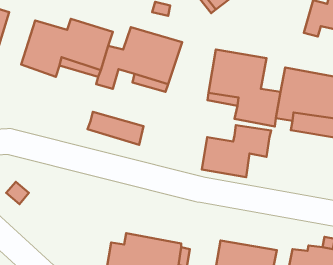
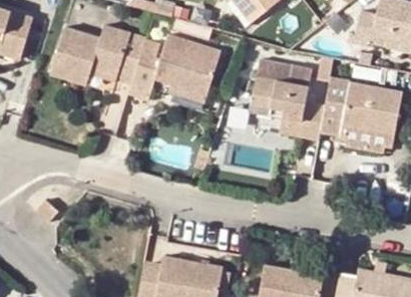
building: [88,112,144,145] -> none
building: [202,125,271,177] -> none

